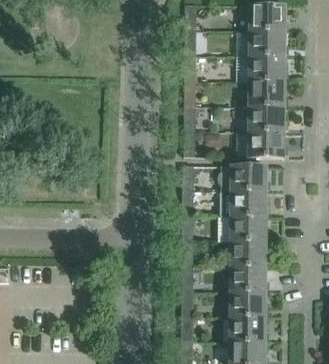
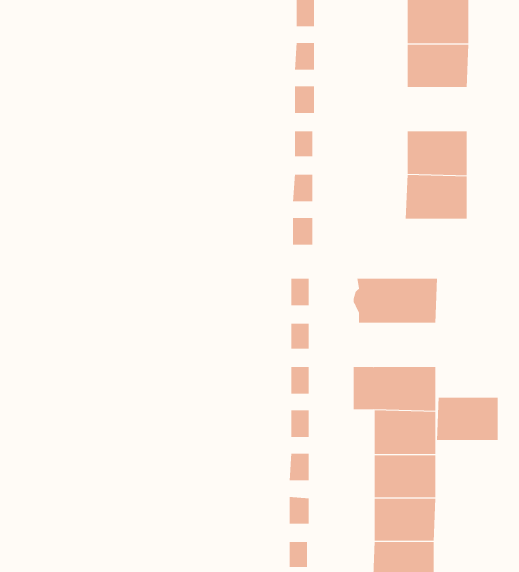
building: [249,54,284,79] -> none
building: [248,130,284,156] -> none
building: [230,190,266,215] -> [436,397,499,441]

